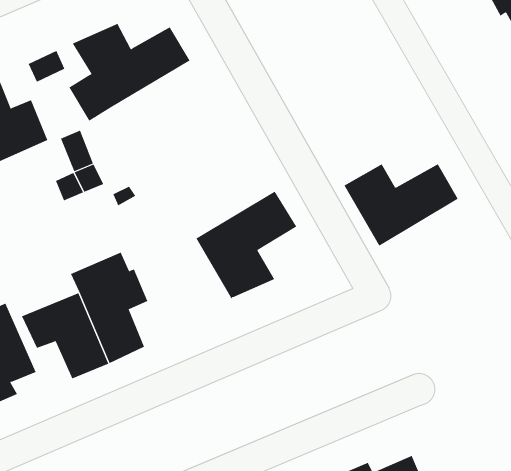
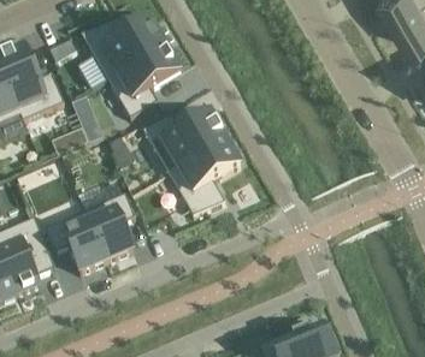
building: none -> [108,46,181,117]
building: [343,163,458,246] -> [143,113,225,172]

